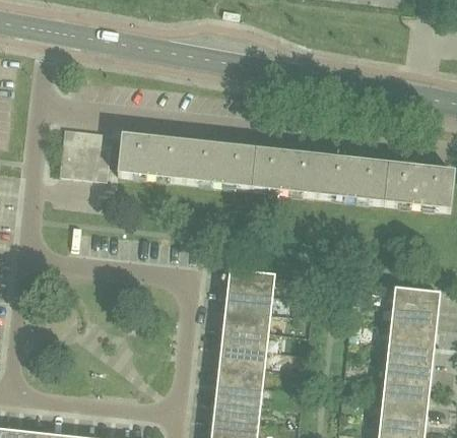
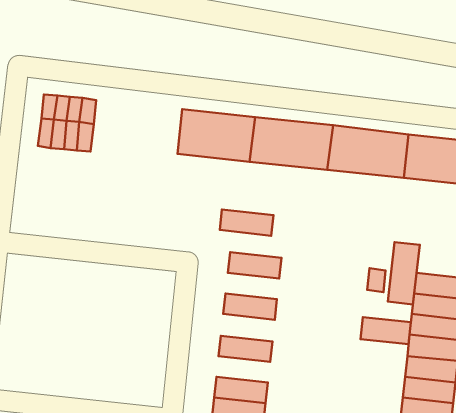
building: [117,131,187,178] -> none
building: none -> [388,242,420,304]
building: [225,284,273,307] -> [220,209,273,236]
building: [221,320,269,345] -> none
building: none -> [360,317,411,344]
building: [217,358,265,381] -> none

